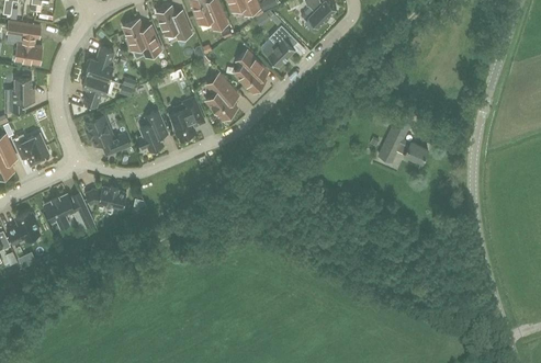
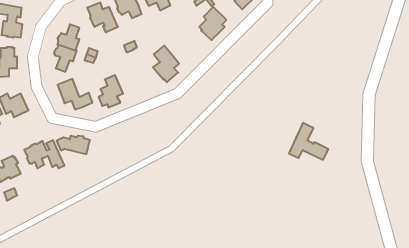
building: [234,50,268,92] -> none
building: [170,98,204,138] -> none
building: [379,117,428,163] -> [289,123,328,160]

